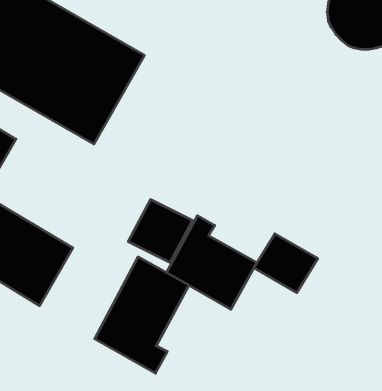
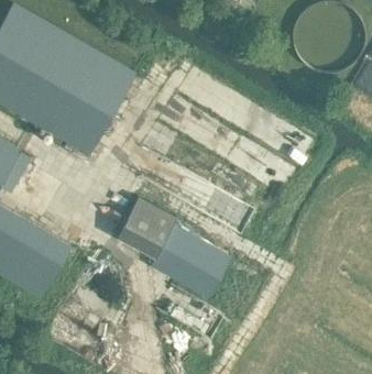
building: [254,234,318,293] -> none
building: [95,257,189,373] -> none

